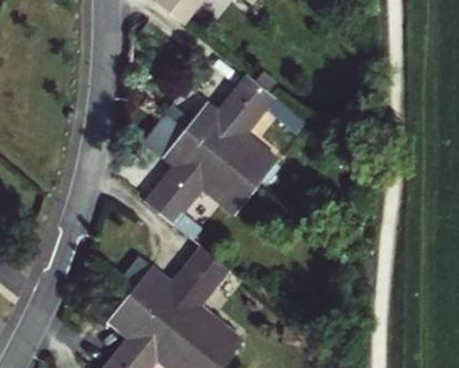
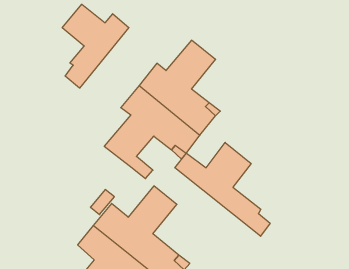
building: none -> [62,4,129,88]
building: none -> [175,142,270,236]

